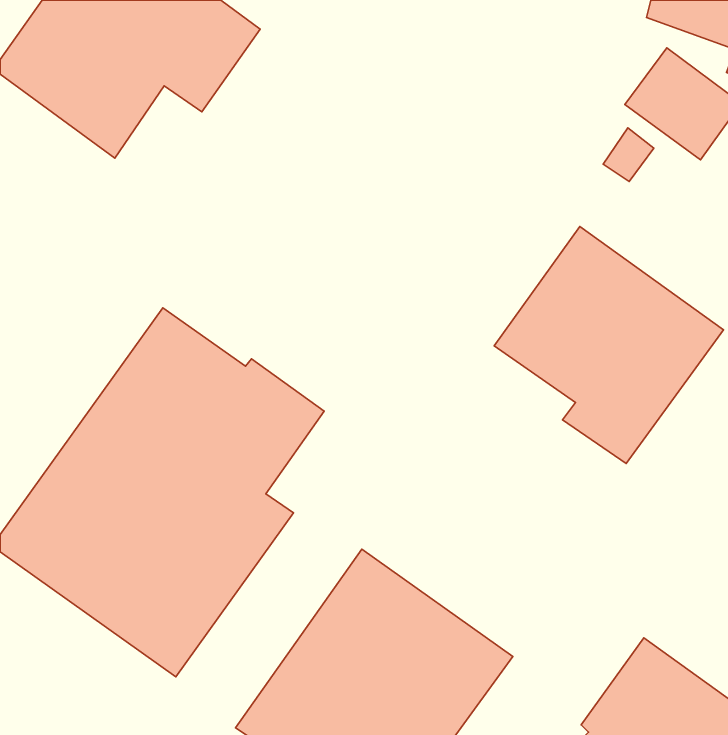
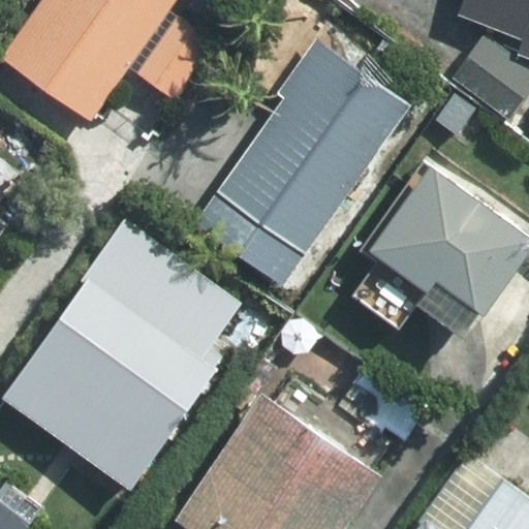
building: none -> [198,49,403,278]

